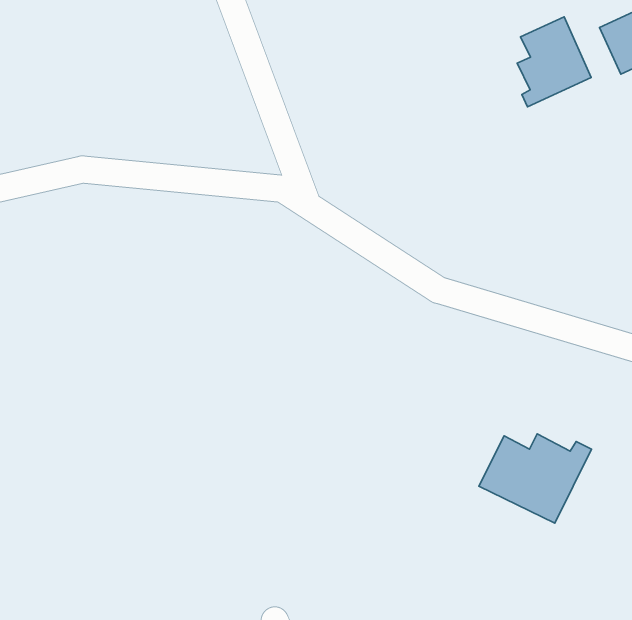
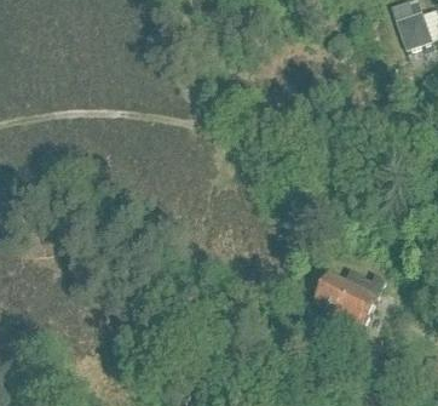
building: [517,17,591,107] -> none

